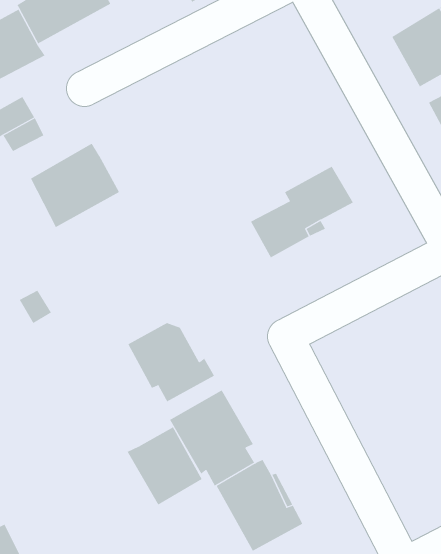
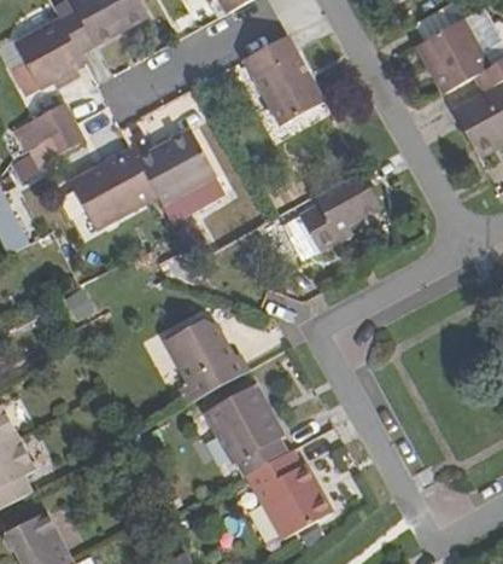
building: none -> [244,35,324,127]
building: none -> [138,130,223,220]
building: [127,427,202,506] -> none

